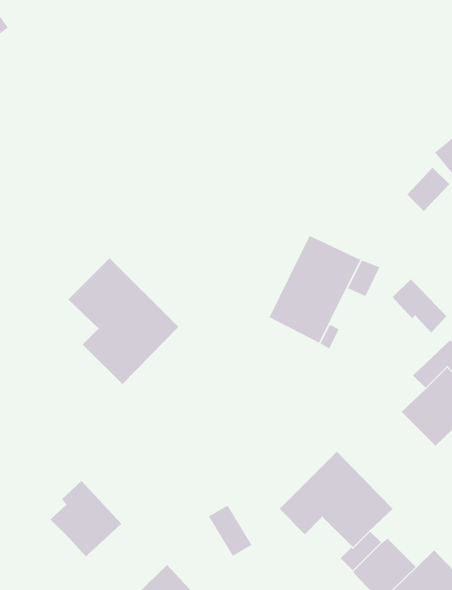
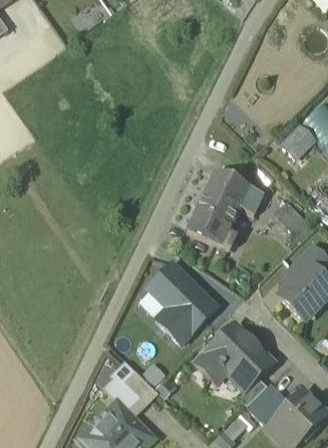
building: [67,257,179,385] -> [143,257,221,346]
building: [49,480,122,557] -> [104,360,154,413]

